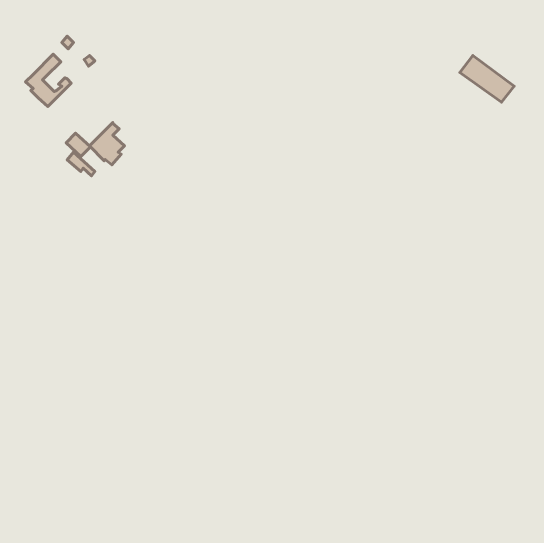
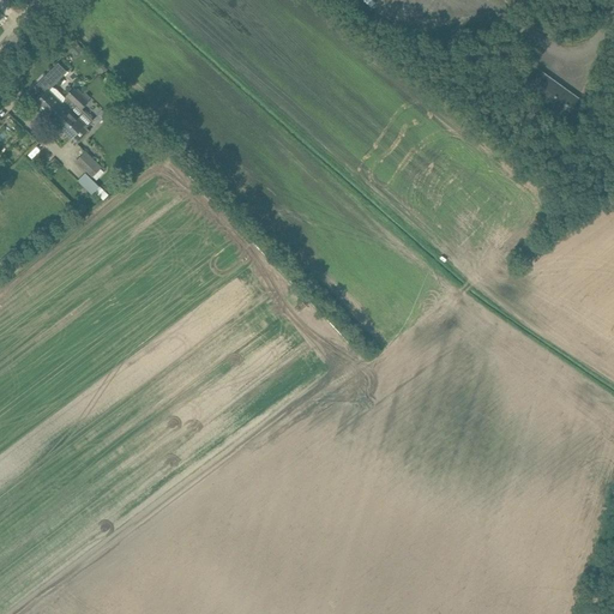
building: [89,122,124,165] -> [54,94,94,142]

